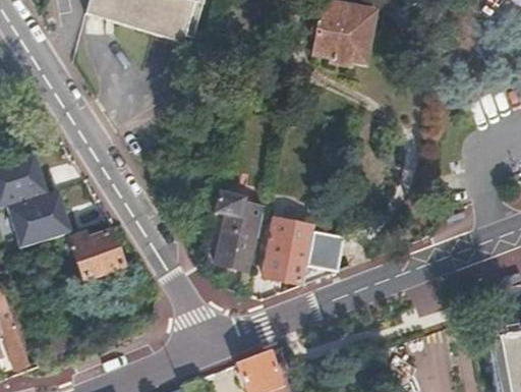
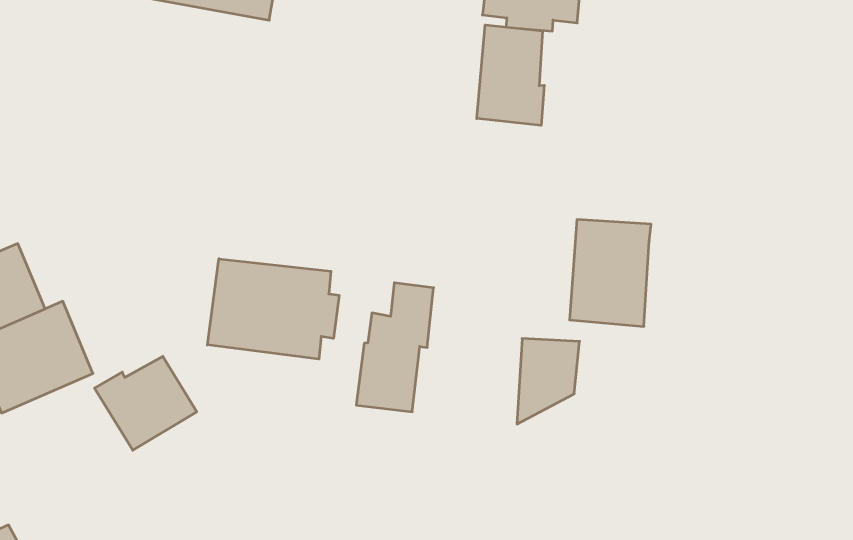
building: none -> [477,25,544,125]
building: none -> [207,259,339,359]
building: [262,220,312,283] -> [570,220,651,326]

